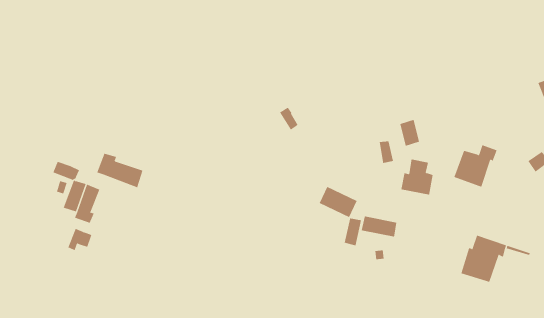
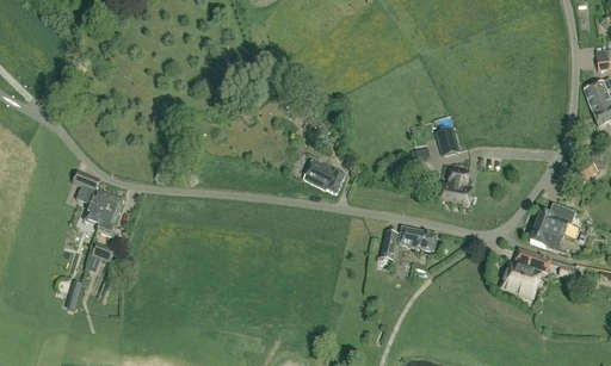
building: [453,144,498,188] -> [530,206,576,252]
building: [96,153,143,188] -> none
building: [319,186,357,218] -> [304,160,345,193]

